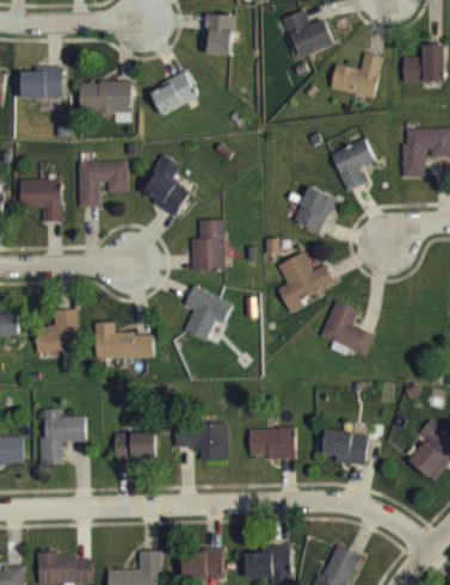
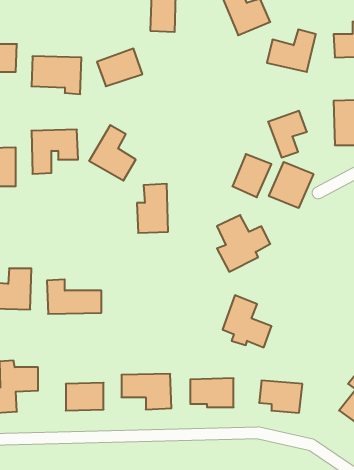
building: none -> [269,162,313,208]
building: [184,287,232,340] -> none
building: [321,300,374,356] -> [223,295,272,347]

